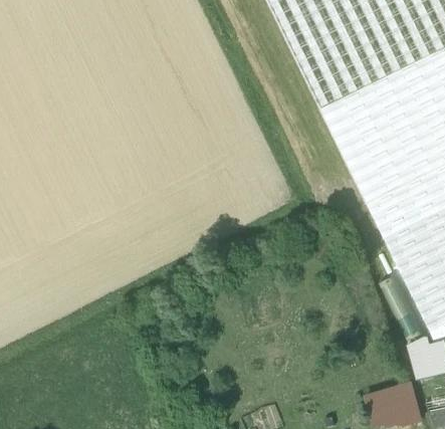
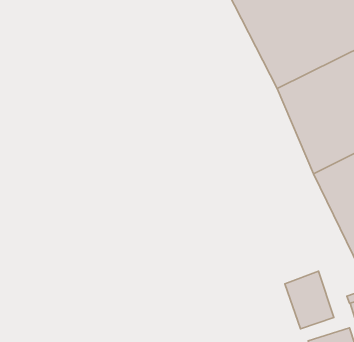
building: none -> [285,271,334,329]

